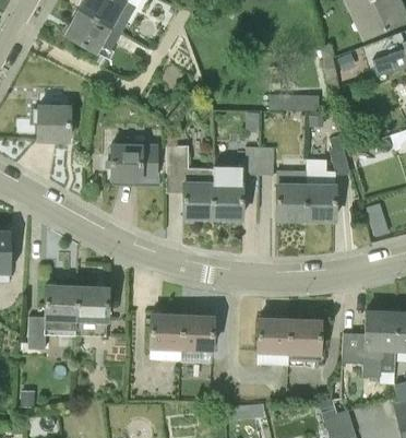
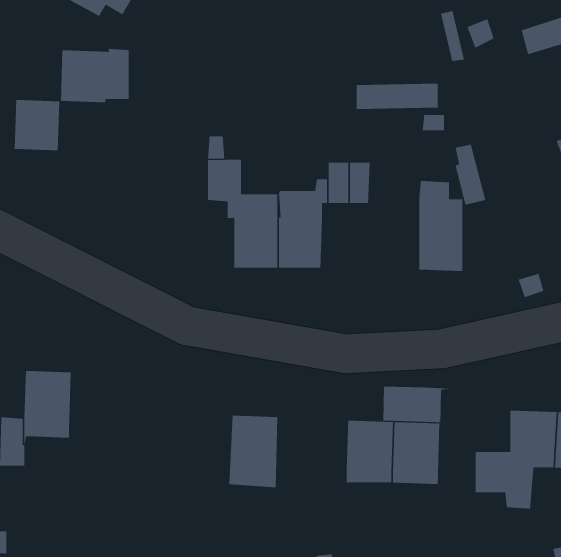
building: [110,143,156,179] -> [60,48,129,103]
building: [276,170,306,218] -> none
building: [75,286,108,327] -> none
building: none -> [383,386,449,423]
building: [151,313,182,360] -> none

